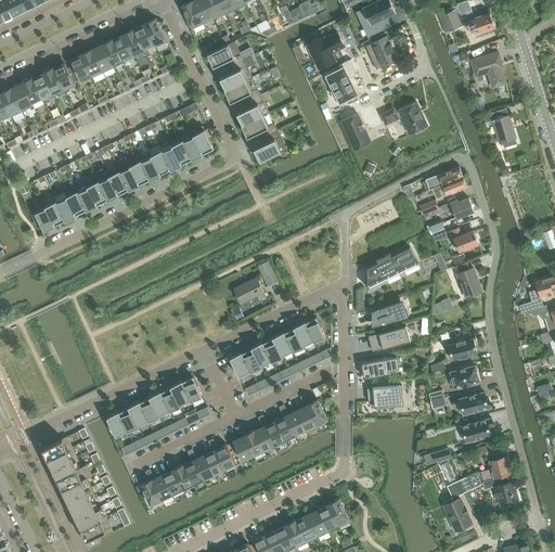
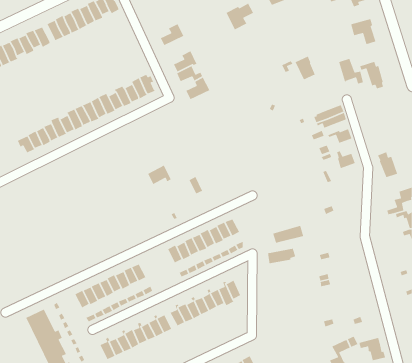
building: [364,37,396,69] -> none
building: [207,44,243,67] -> none
building: [326,60,357,103] -> none
building: [223,77,260,103] -> none
building: none -> [338,58,364,85]
building: [340,114,369,150] -> none
building: [366,247,417,288] -> none
building: [453,262,481,298] -> [377,151,398,178]
building: [233,278,266,305] -> [147,165,172,185]
building: [371,300,408,328] -> none
building: [446,338,477,361] -> none
building: [448,367,479,389] -> none
building: [366,385,403,410] -> none
building: [457,393,490,415] -> none
building: [460,419,492,442] -> none
building: [480,455,511,482] -> none

